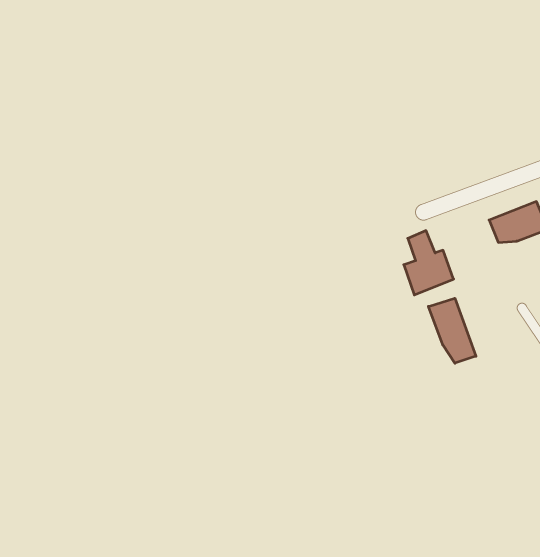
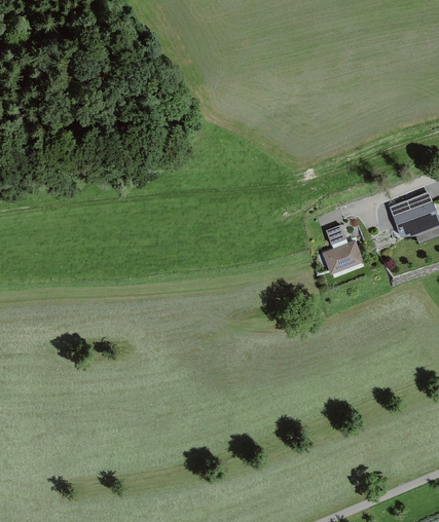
building: [428,298,476,363] -> none

